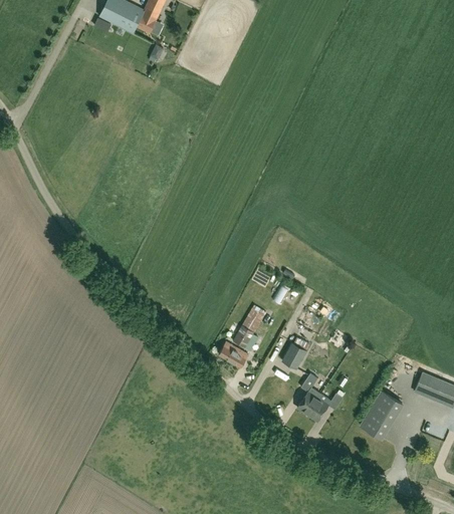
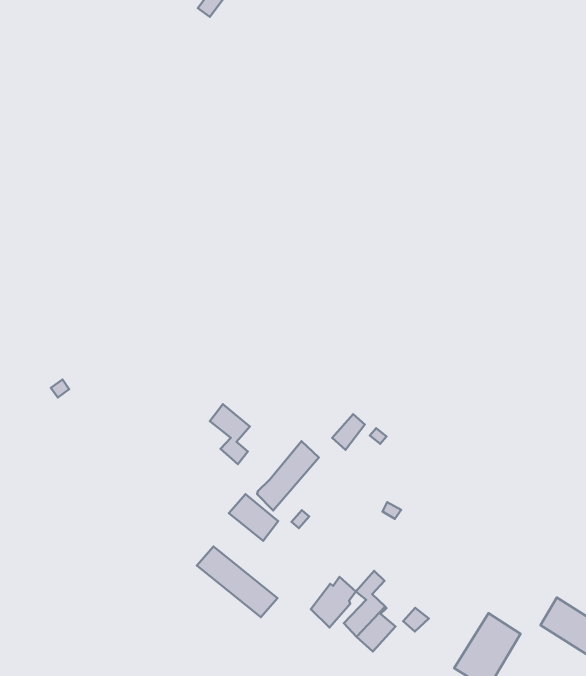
building: none -> [210,404,250,464]
building: [283,336,308,367] -> [311,577,356,627]
building: none -> [197,547,277,617]

